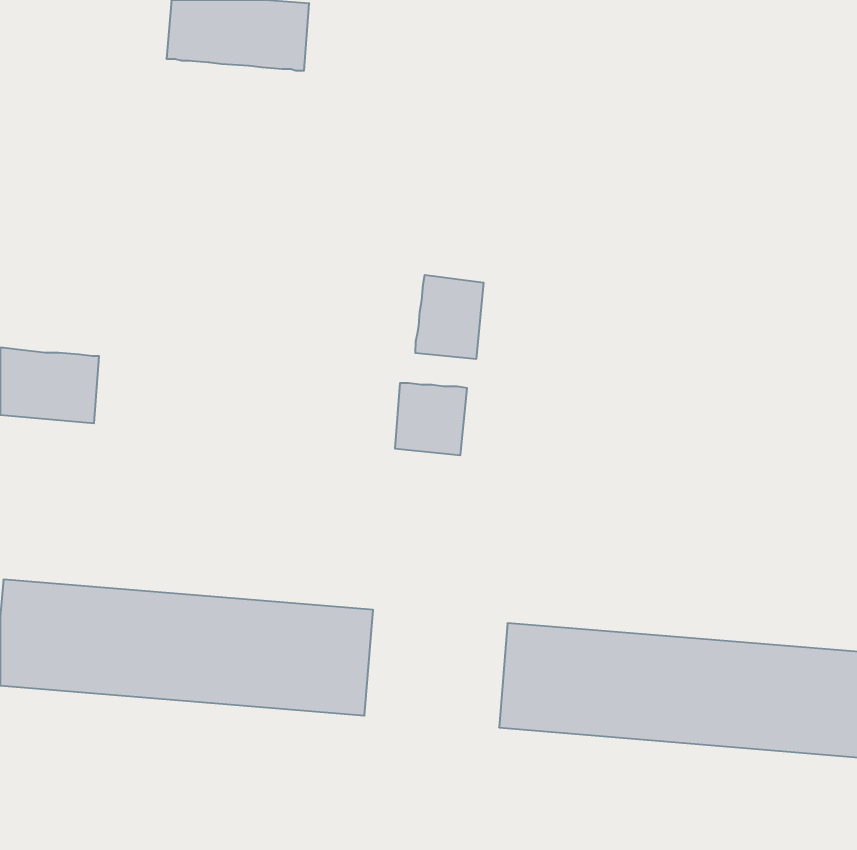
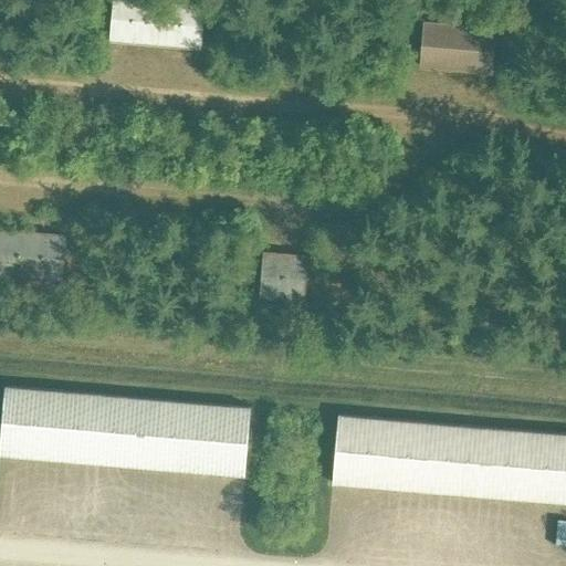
building: none -> [421,27,496,76]
building: [415,275,484,359] -> none

